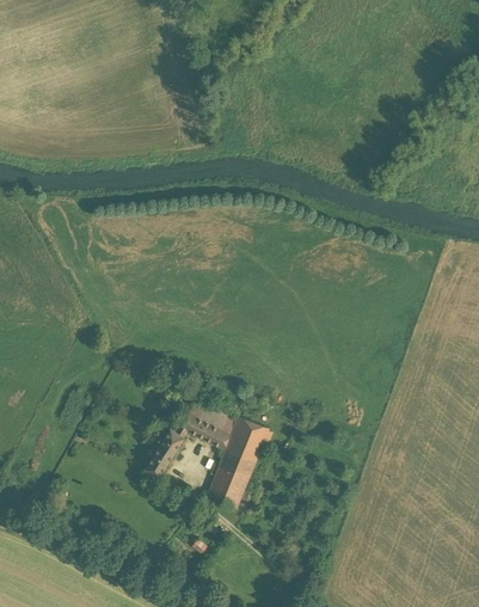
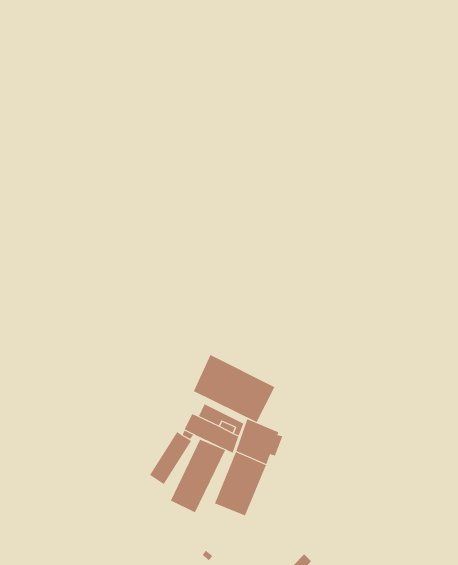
building: none -> [193,354,275,423]
building: none -> [170,439,226,513]

